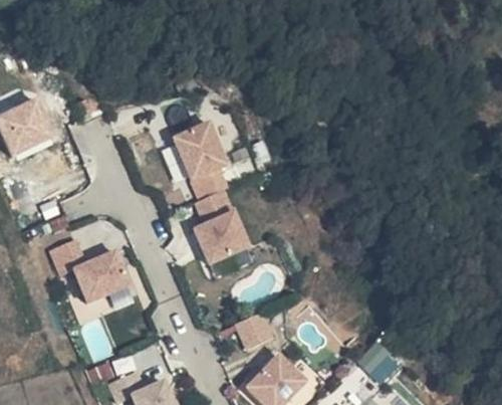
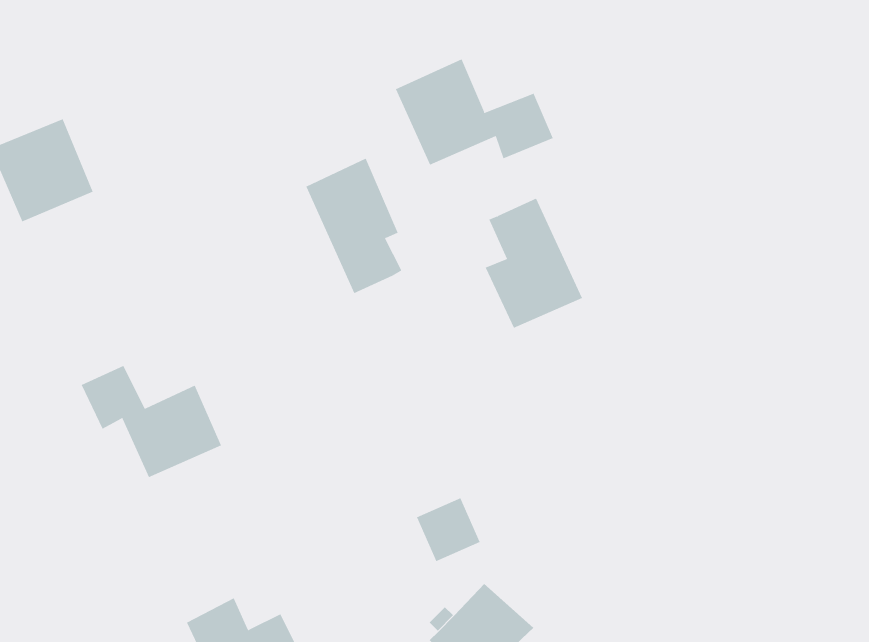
building: none -> [395,59,554,166]
building: [194,188,249,261] -> [485,198,583,328]

